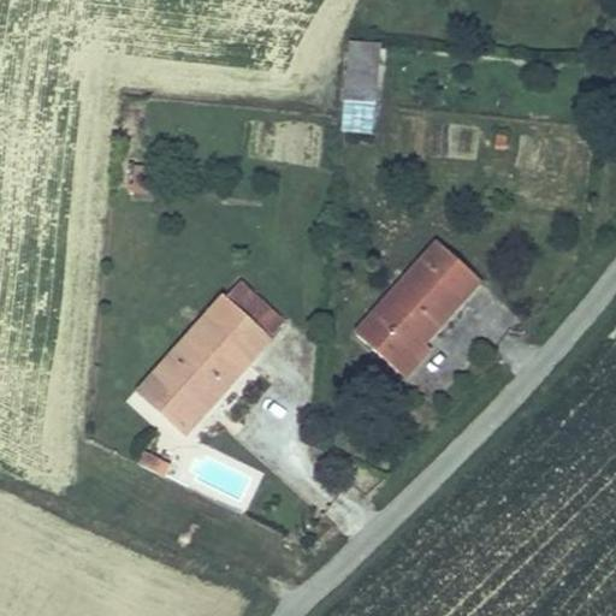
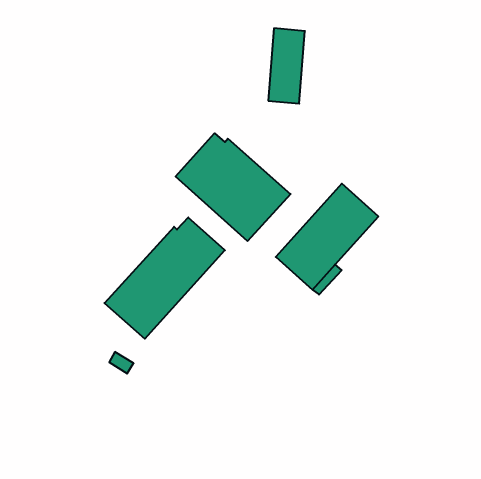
building: none -> [176,133,291,241]

